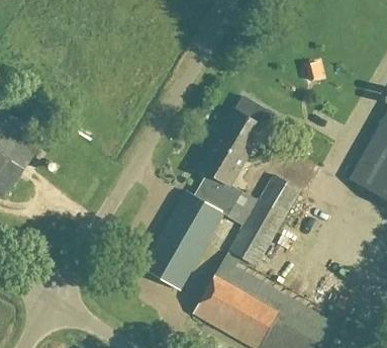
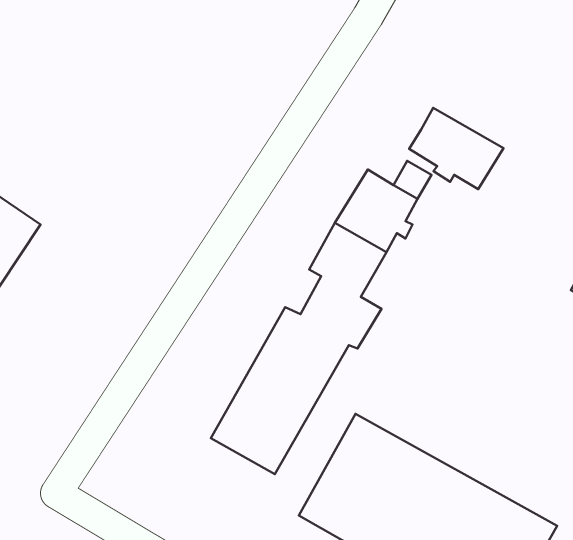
building: none -> [409,108,504,189]
building: [228,174,301,267] -> none

